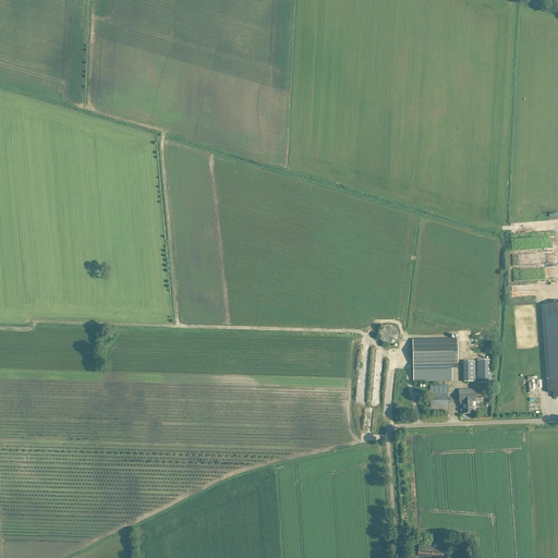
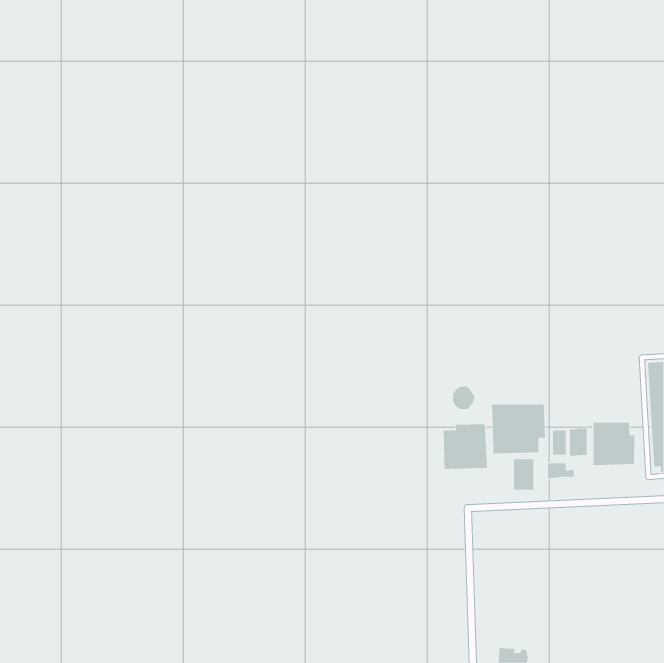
building: none -> [593,422,635,466]
building: none -> [443,424,487,470]

